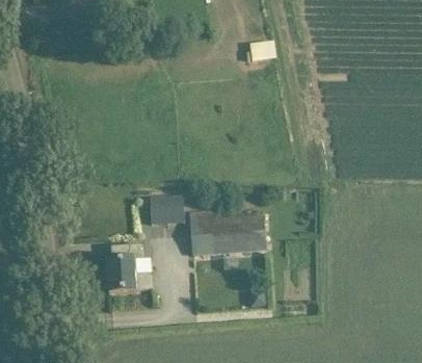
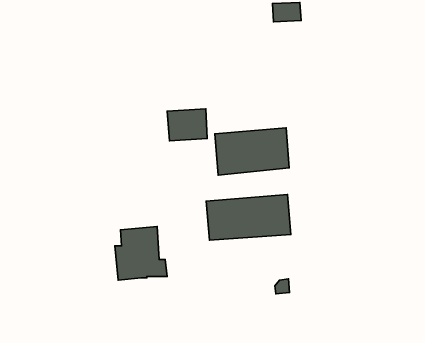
building: none -> [215,128,289,175]
building: [150,191,186,221] -> [167,109,207,141]

